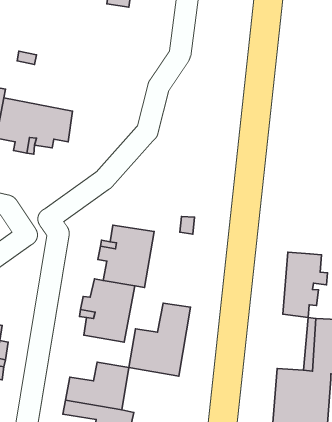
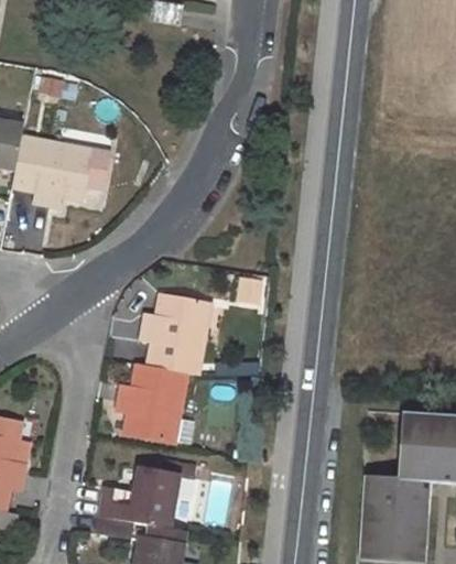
building: [283,252,327,318] -> none
building: [129,303,190,376] -> none

